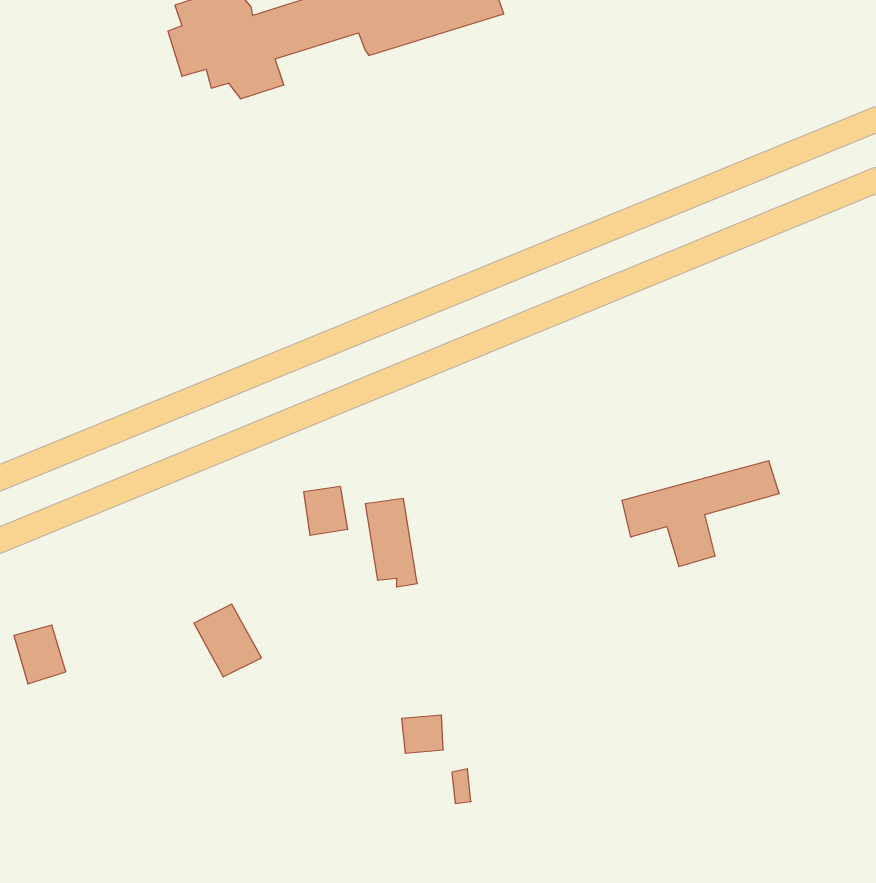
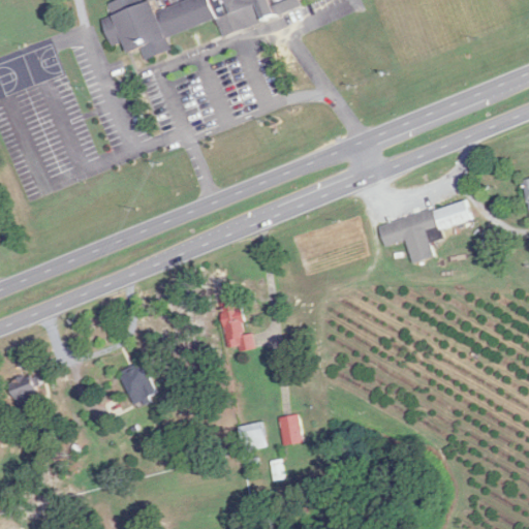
building: [622,461,779,566] -> [377,200,471,263]
building: [304,486,347,536] -> none
building: none -> [278,412,302,444]

